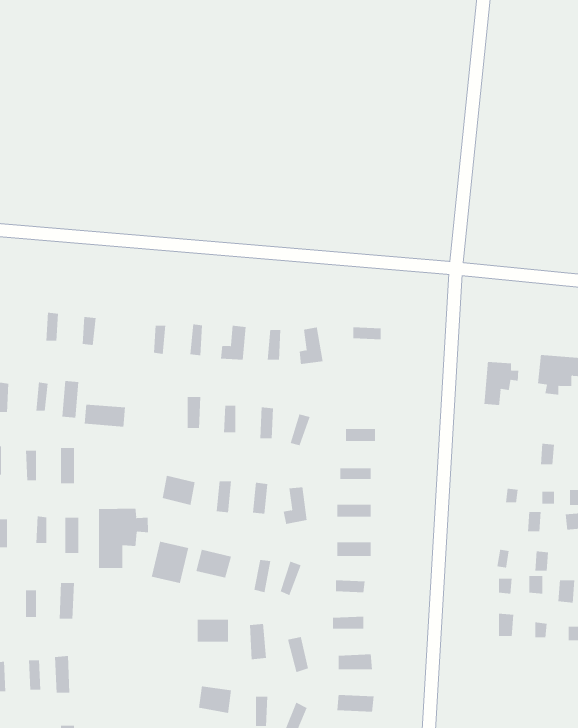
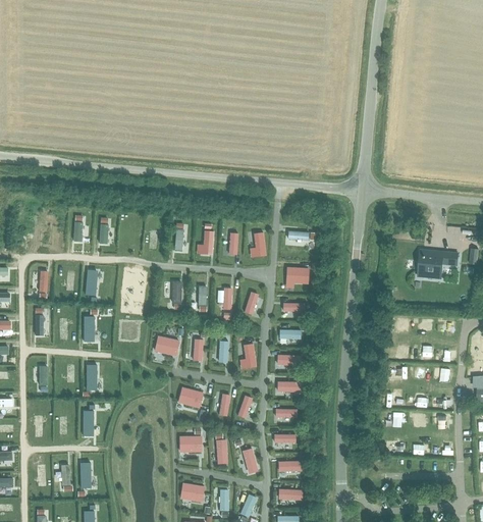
building: [484,361,519,406] -> none
building: none -> [286,267,310,289]
building: [84,404,125,427] -> none
building: [98,508,148,569] -> none
building: [151,541,189,584] -> none

